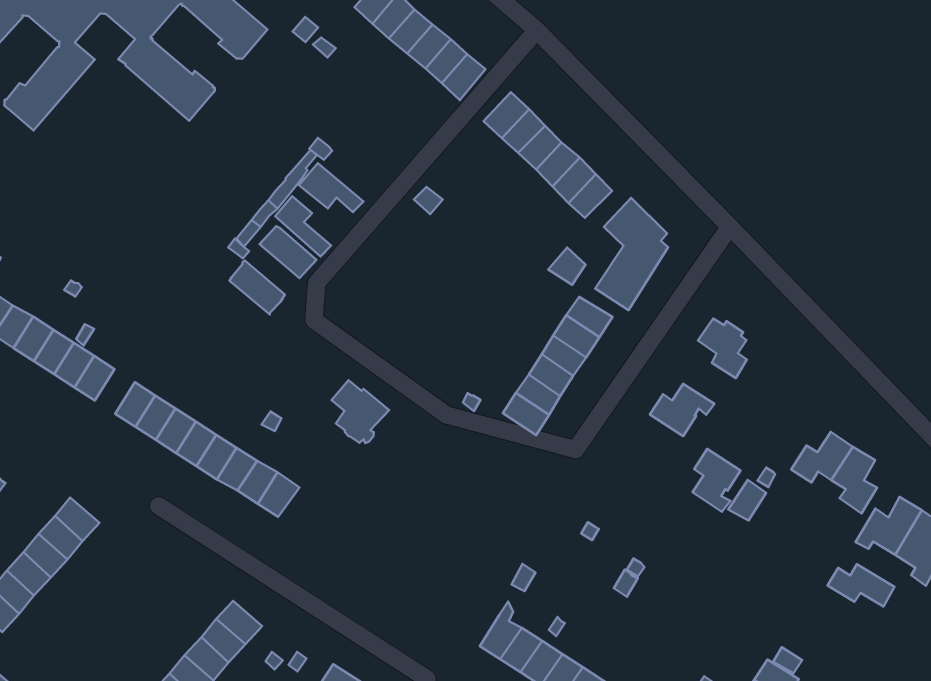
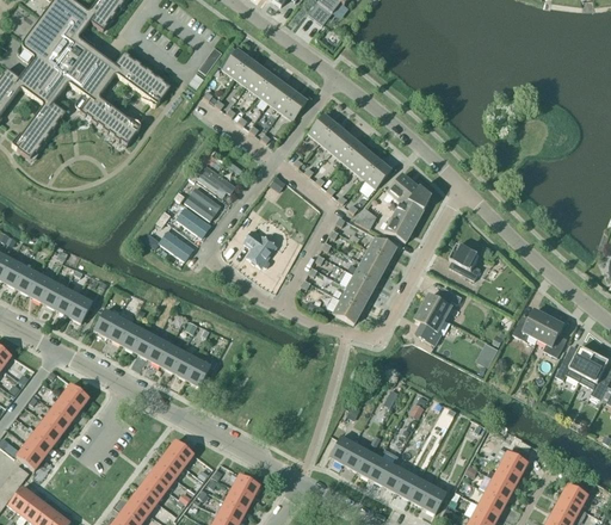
building: [332,380,389,443] -> [242,229,278,267]
building: [692,449,741,512] -> [416,305,445,344]
building: [827,564,895,607] -> none

